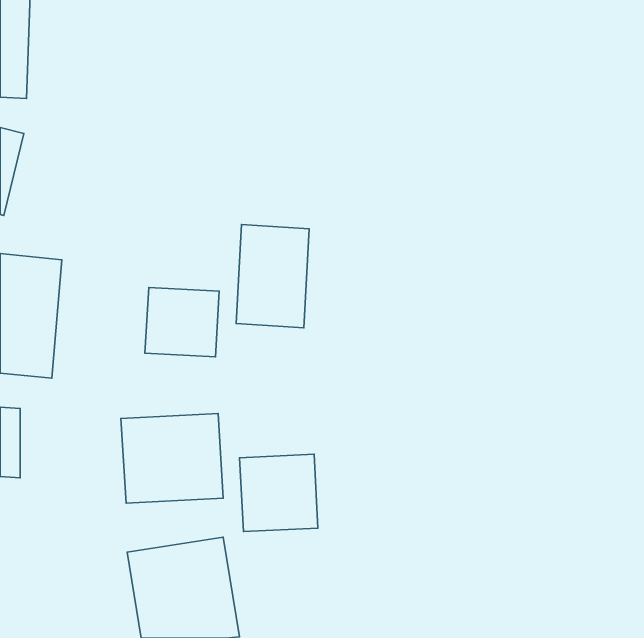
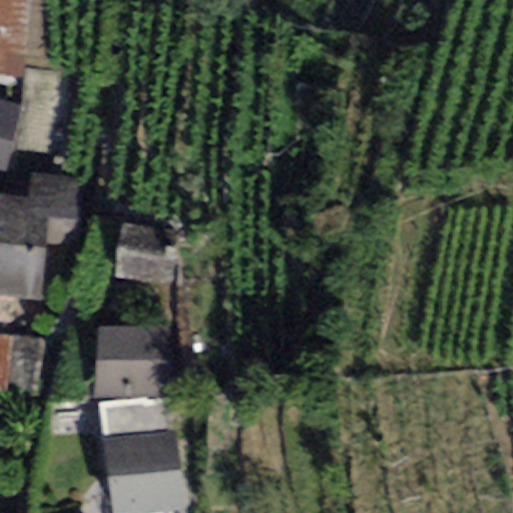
building: [236,224,309,328] -> none
building: [240,454,318,532] -> none

